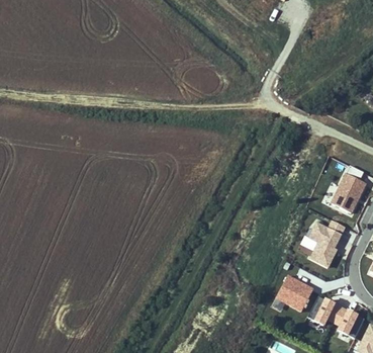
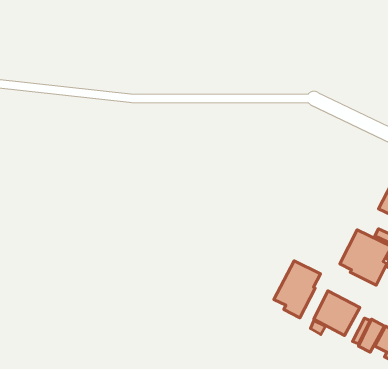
building: none -> [274,261,320,318]

